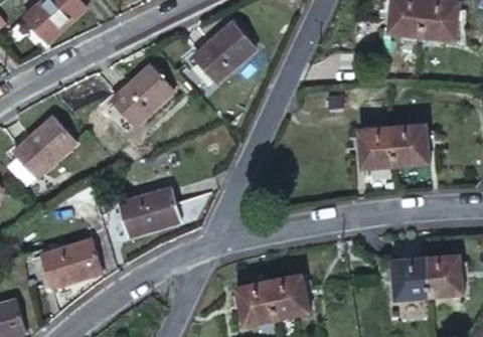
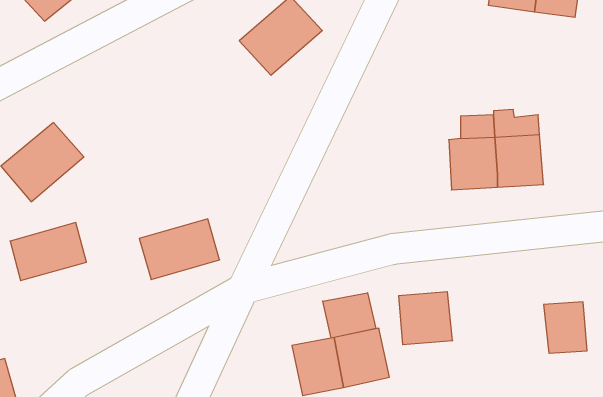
building: [113,65,176,127] -> none
building: [43,244,102,289] -> [10,223,86,281]
building: none -> [323,293,376,338]
building: [390,257,432,297] -> [399,292,453,345]

